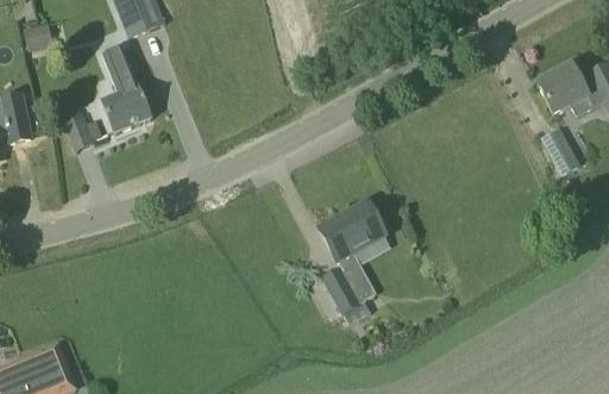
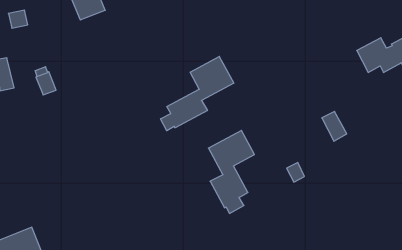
building: [102,43,152,131] -> none
building: none -> [161,56,234,131]
building: [541,126,578,170] -> [322,111,347,141]

